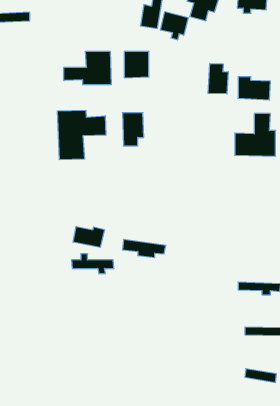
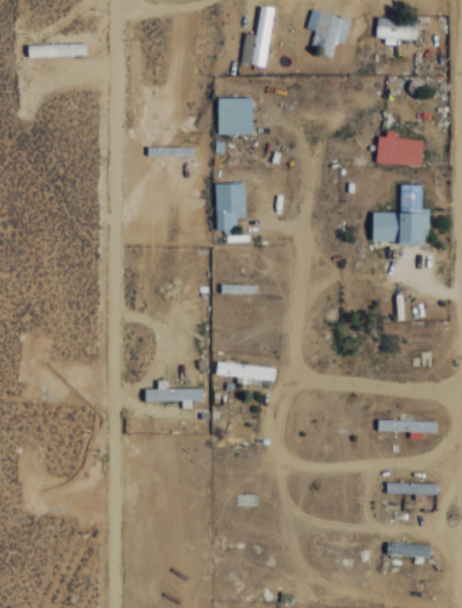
building: [160,12,188,40] -> none
building: [64,51,111,85] -> none
building: [208,63,228,94] -> none
building: [57,110,106,160] -> none
building: [73,226,104,247] -> none

